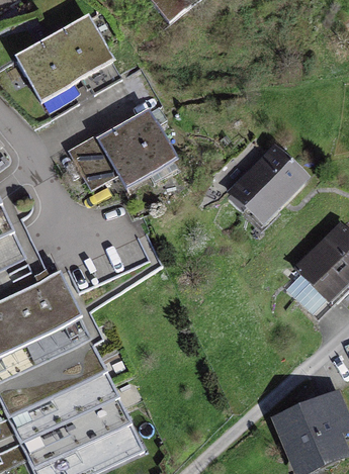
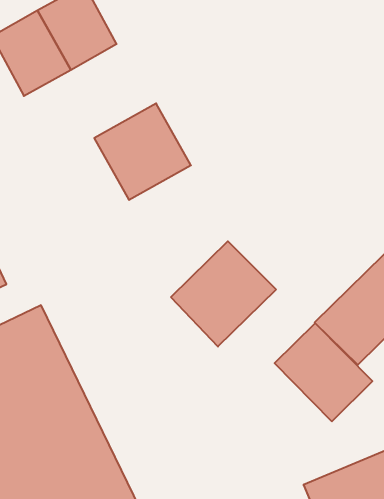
building: [68,140,110,196] -> none
building: [228,140,314,226] -> [171,241,276,347]
building: none -> [275,323,372,421]

